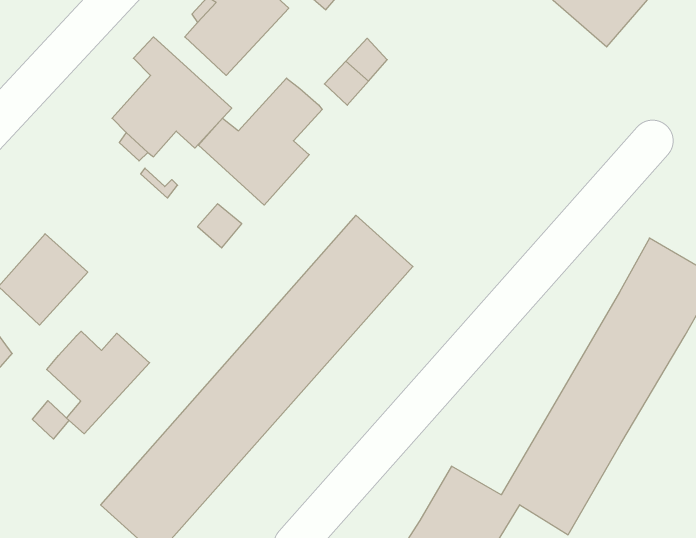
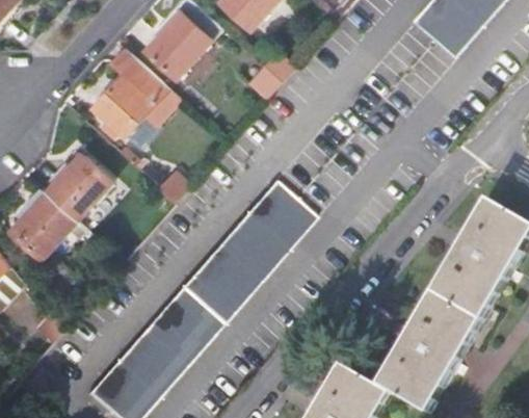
building: [198,78,322,205] -> none
building: none -> [45,156,110,223]
building: [47,331,150,434] -> none

